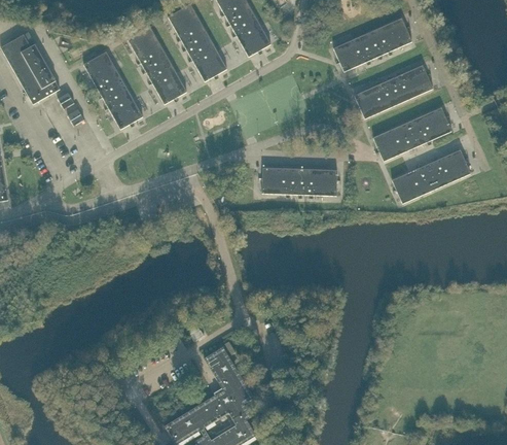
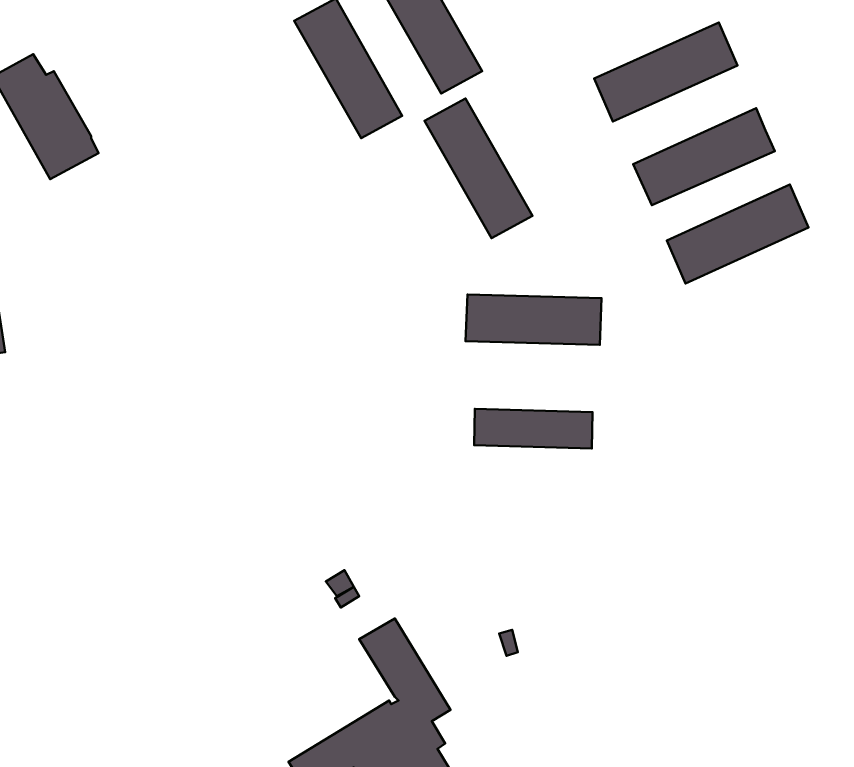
building: [128,26,187,103] -> [424,98,532,238]
building: [83,50,143,129] -> none
building: [392,148,471,203] -> none
building: none -> [474,409,593,449]

